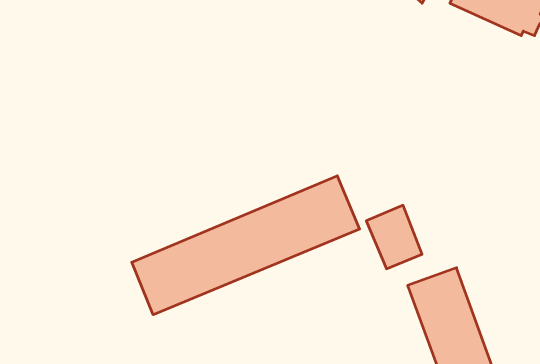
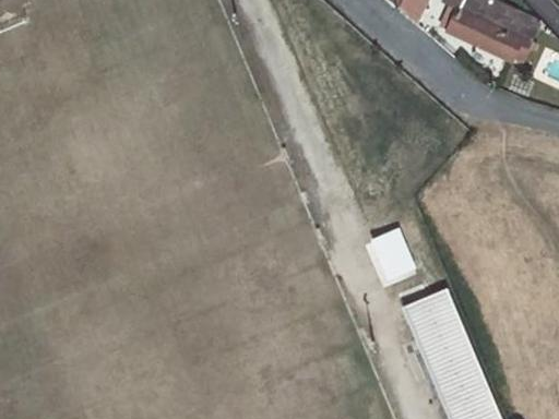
building: [132,176,360,315] -> none

